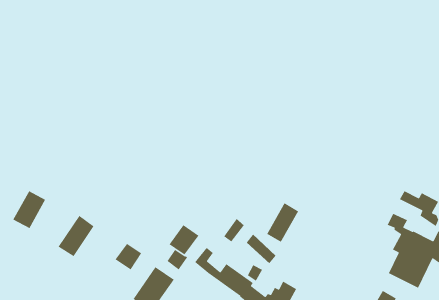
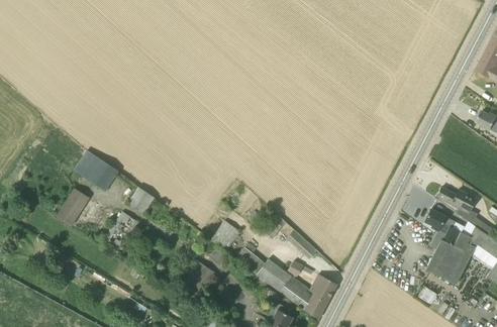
building: none -> [75,150,118,190]
building: [266,202,299,243] -> none
building: [114,243,142,271] -> [127,187,155,214]

